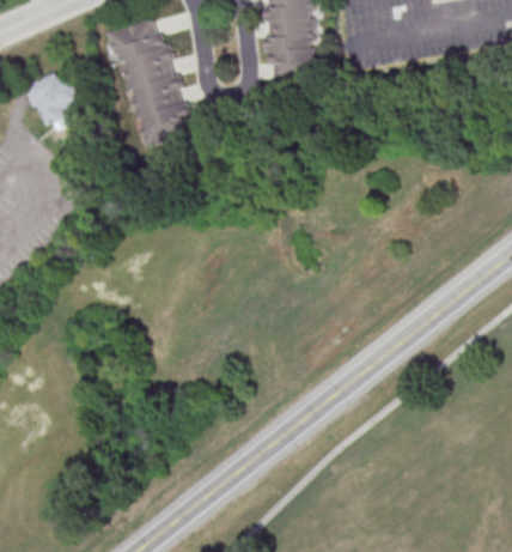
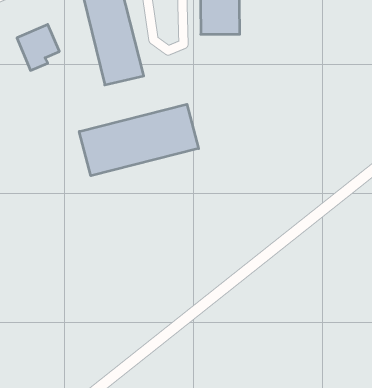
building: none -> [79,104,199,176]

